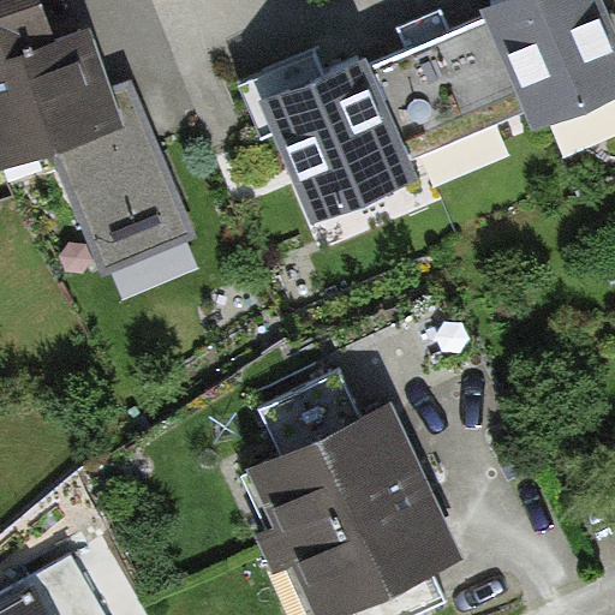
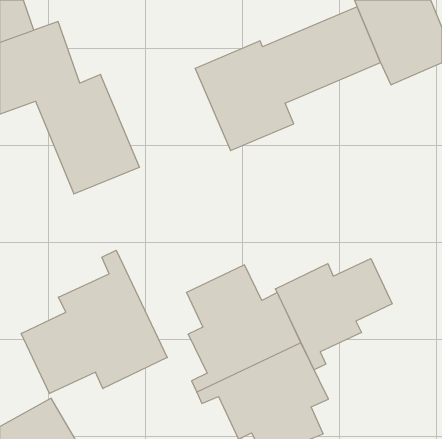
building: none -> [21,250,167,394]
building: none -> [275,259,392,370]

